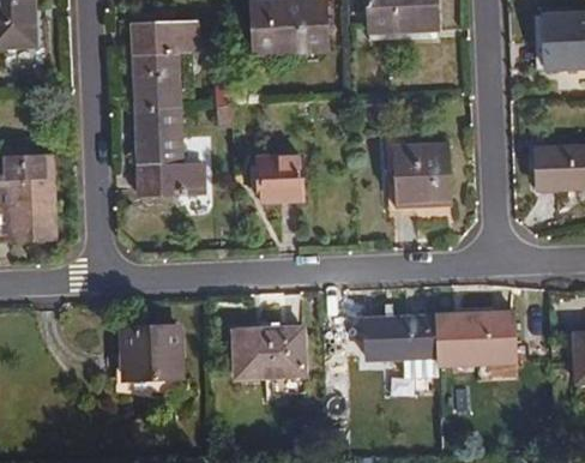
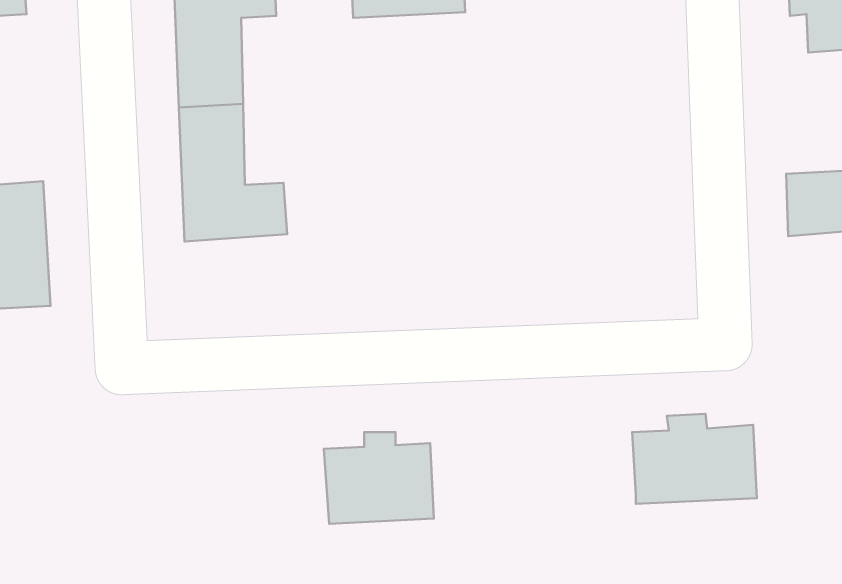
building: [388,133,451,200] -> none
building: [249,150,306,194] -> none
building: [368,321,435,365] -> none
building: [115,331,185,385] -> none

